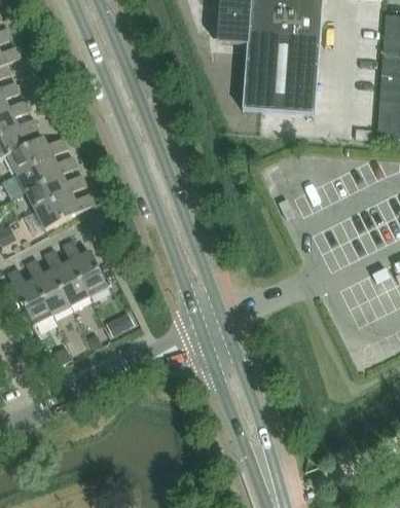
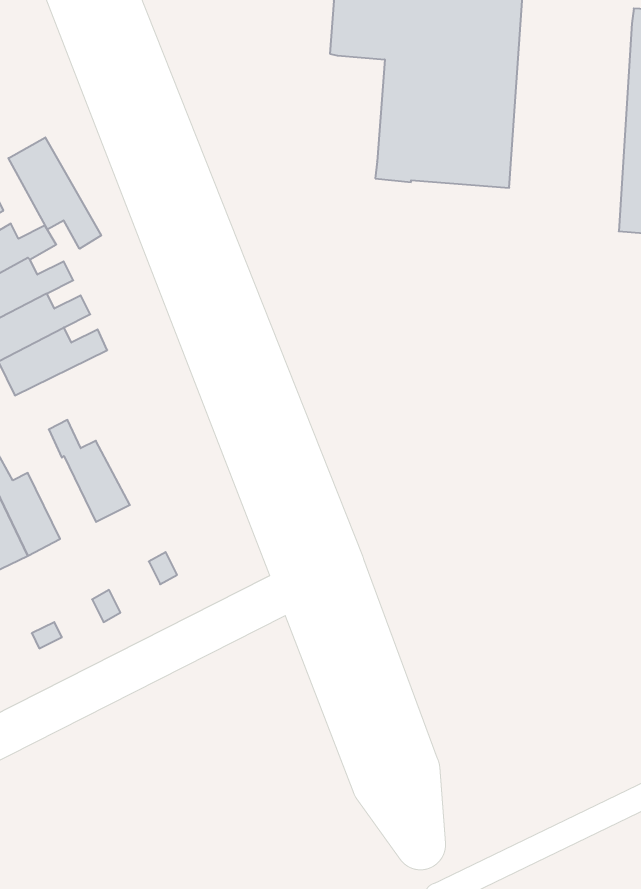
building: none -> [8,137,101,249]
building: [45,250,89,305] -> none

